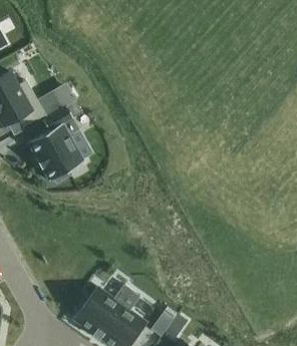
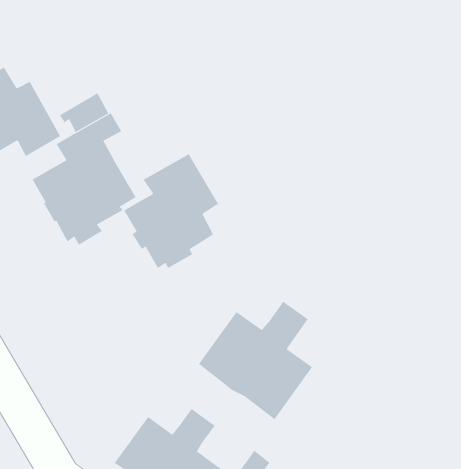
building: none -> [124,153,219,269]
building: none -> [198,301,313,420]

